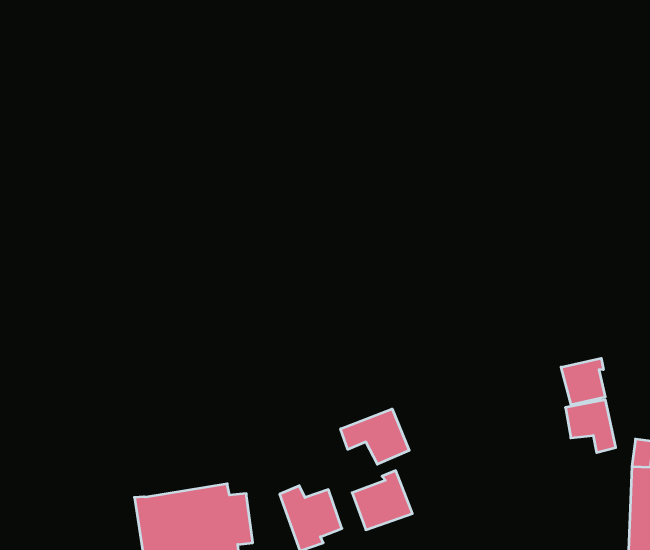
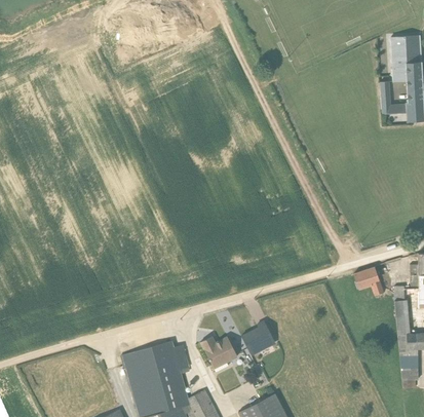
building: [561,358,605,405] -> none
building: [341,409,409,464] -> none

